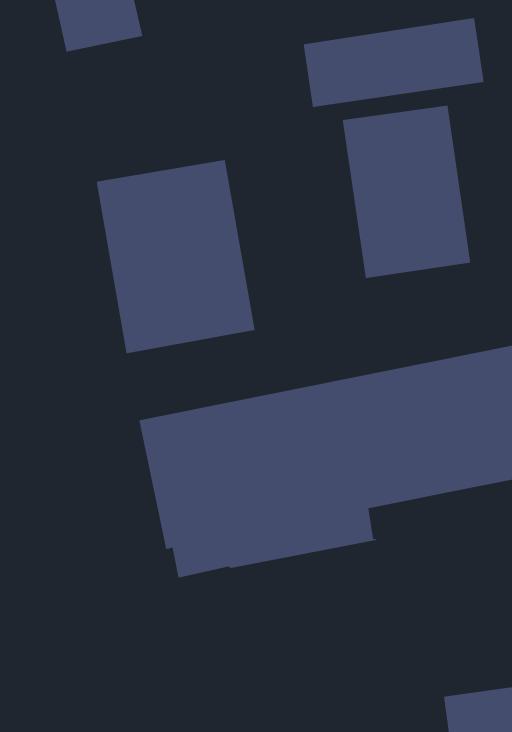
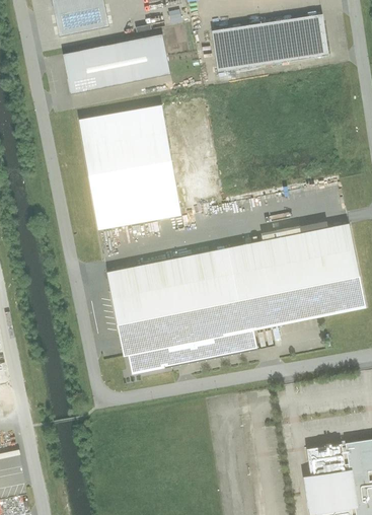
building: none -> [62,33,169,93]
building: [342,105,471,279] -> none

